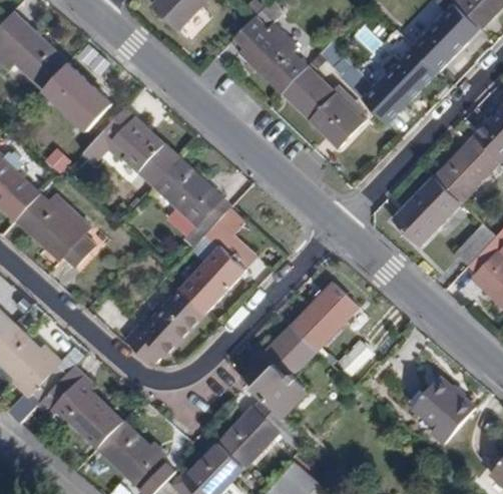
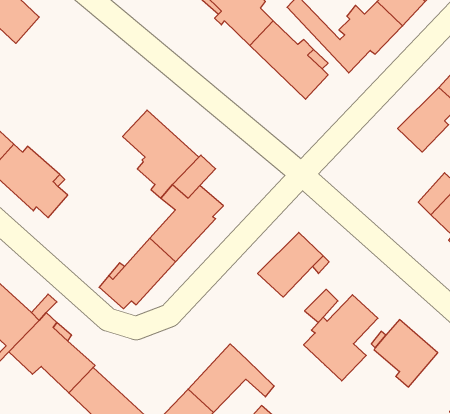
building: [43,63,110,125] -> none
building: [82,108,177,185] -> none
building: [392,177,459,244] -> none
building: [240,326,317,414] -> [304,295,378,381]

